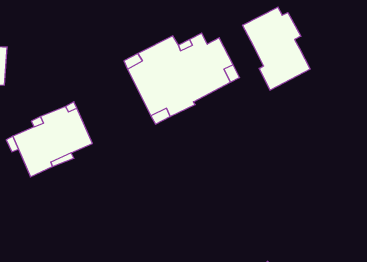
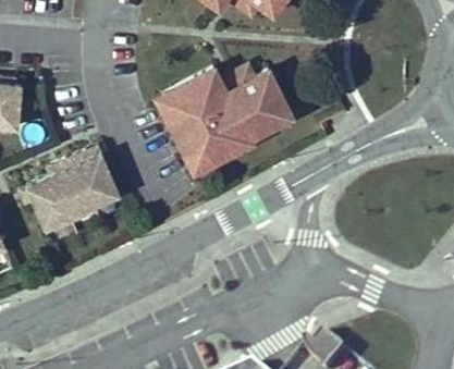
building: [243,7,310,90] -> none

